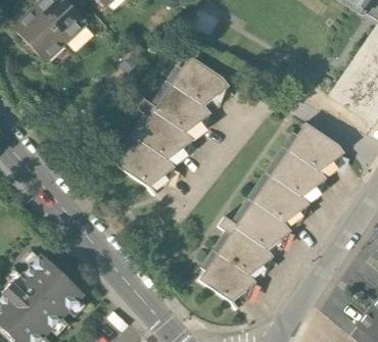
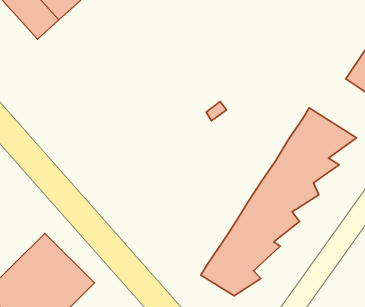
building: [113,57,223,183] -> none

